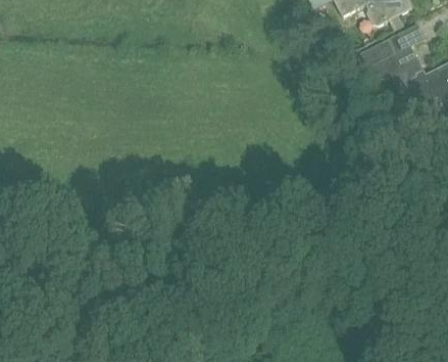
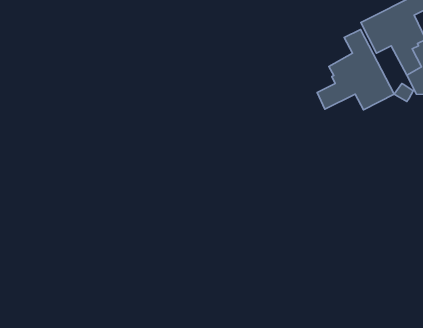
building: none -> [317,29,394,110]

